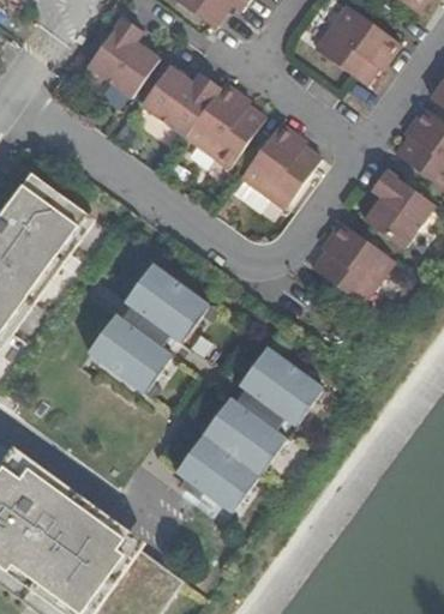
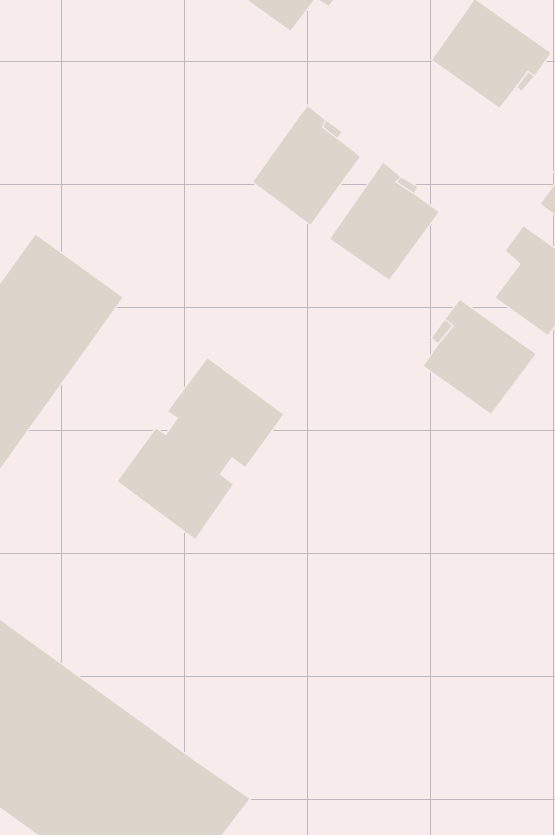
building: [86,16,160,98] -> none
building: [140,64,221,136] -> none
building: [176,344,324,511] -> none

